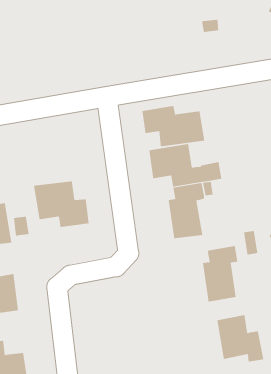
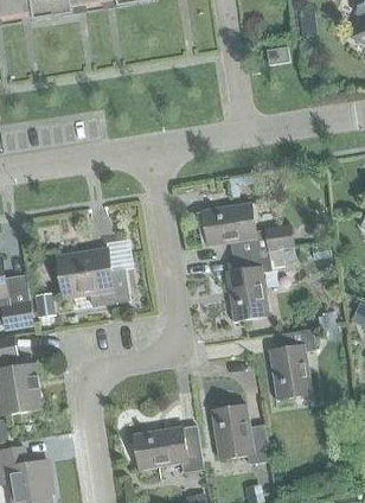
building: [142,105,205,147] -> none
building: [216,314,264,362] -> [211,403,270,463]
building: none -> [133,425,204,472]

